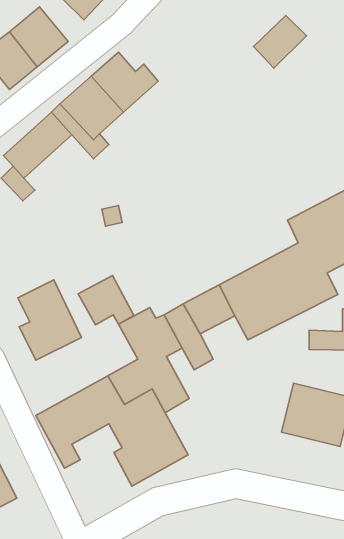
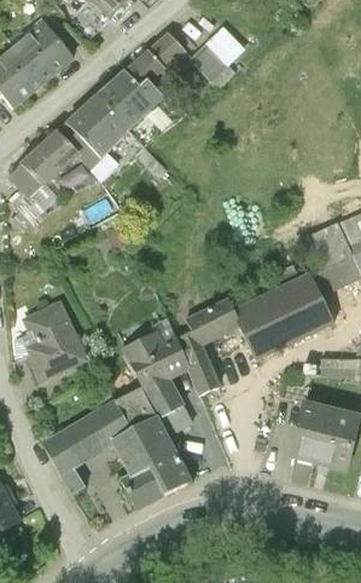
building: none -> [124,31,185,90]
building: [254,15,306,68] -> [190,28,243,81]
building: [78,276,134,325] -> none

